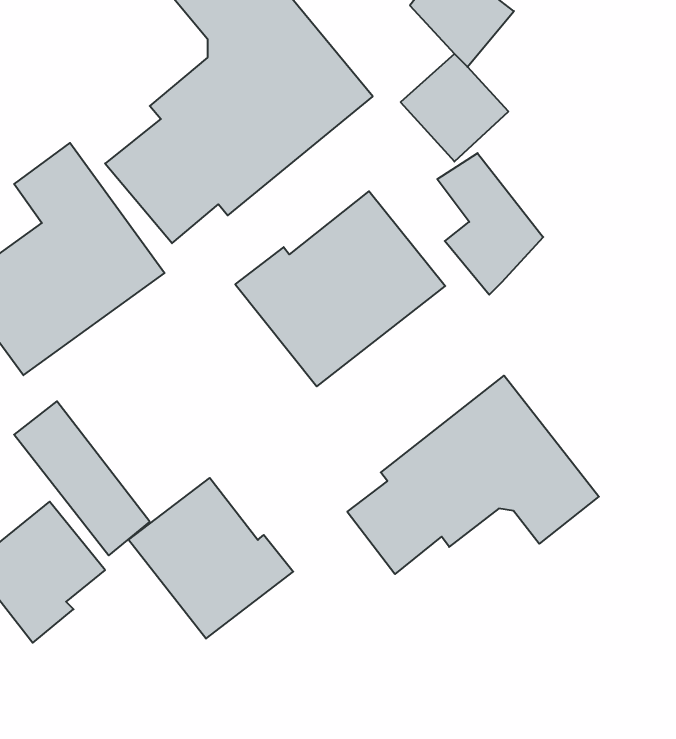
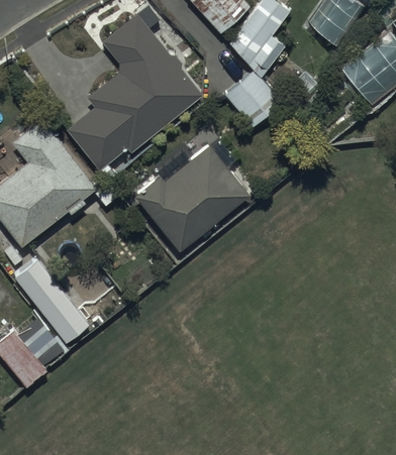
building: [437,153,543,295] -> none
building: [347,376,599,574] -> none
building: [129,478,293,639] -> none

